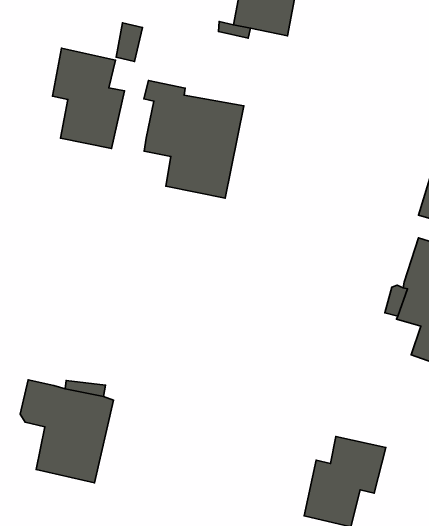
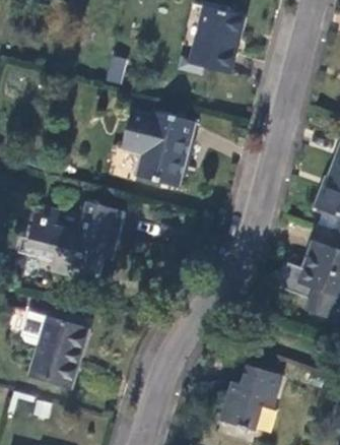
building: [52,48,124,149] -> none
building: none -> [18,202,125,276]

